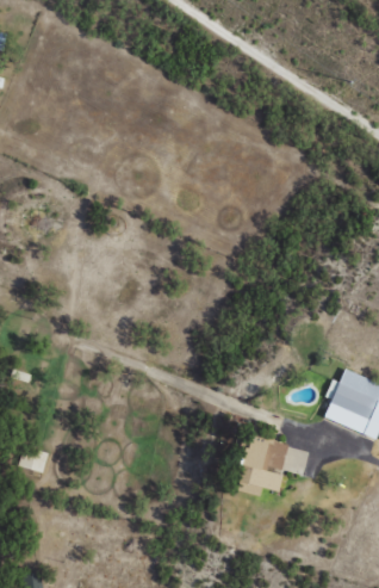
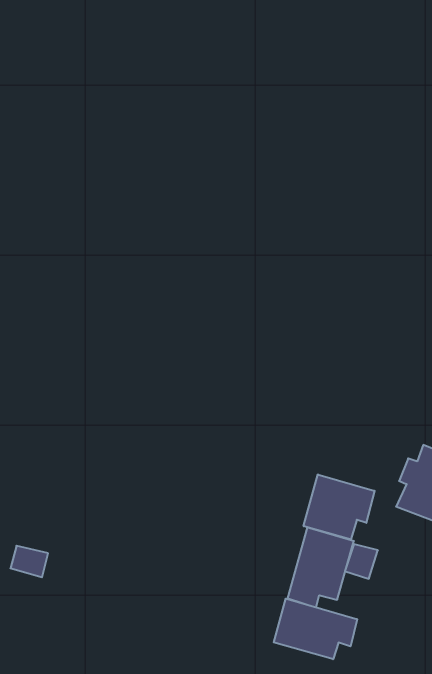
building: none -> [304,474,375,539]
building: none -> [274,599,357,659]

